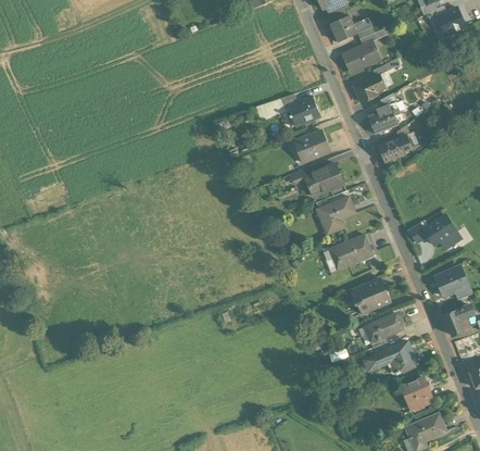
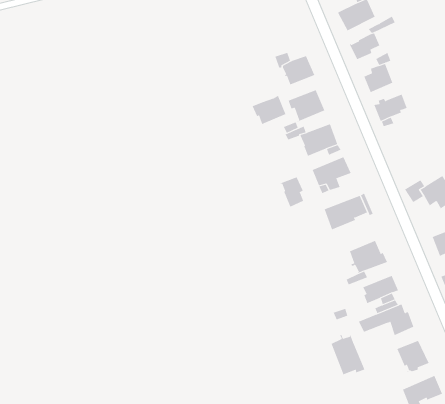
building: none -> [252,95,286,125]
building: none -> [280,176,304,207]
building: none -> [331,334,365,375]

